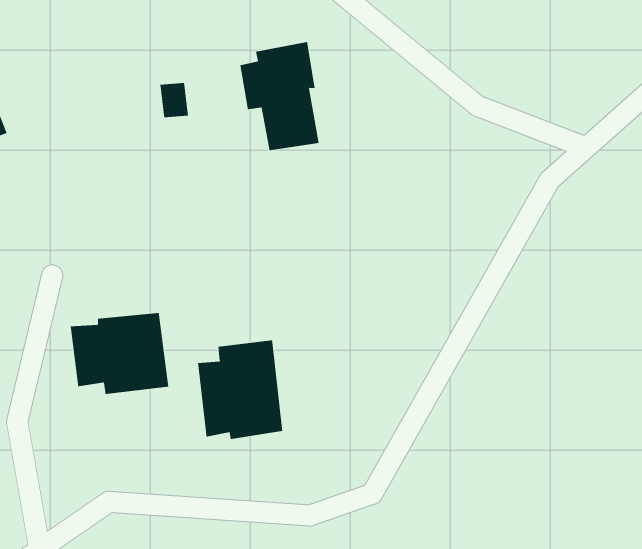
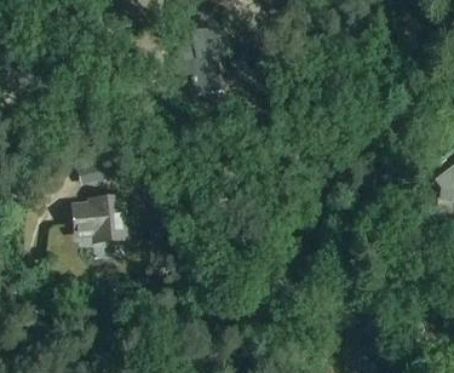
building: [198,340,283,440] -> none

